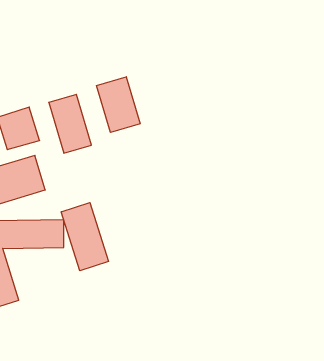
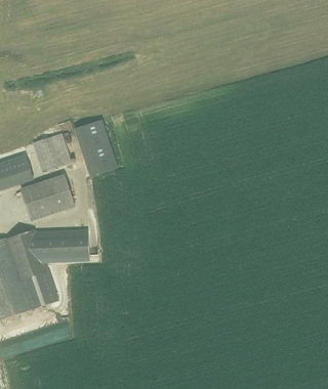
building: [97,77,140,132] -> none
building: [61,203,109,271] -> none

